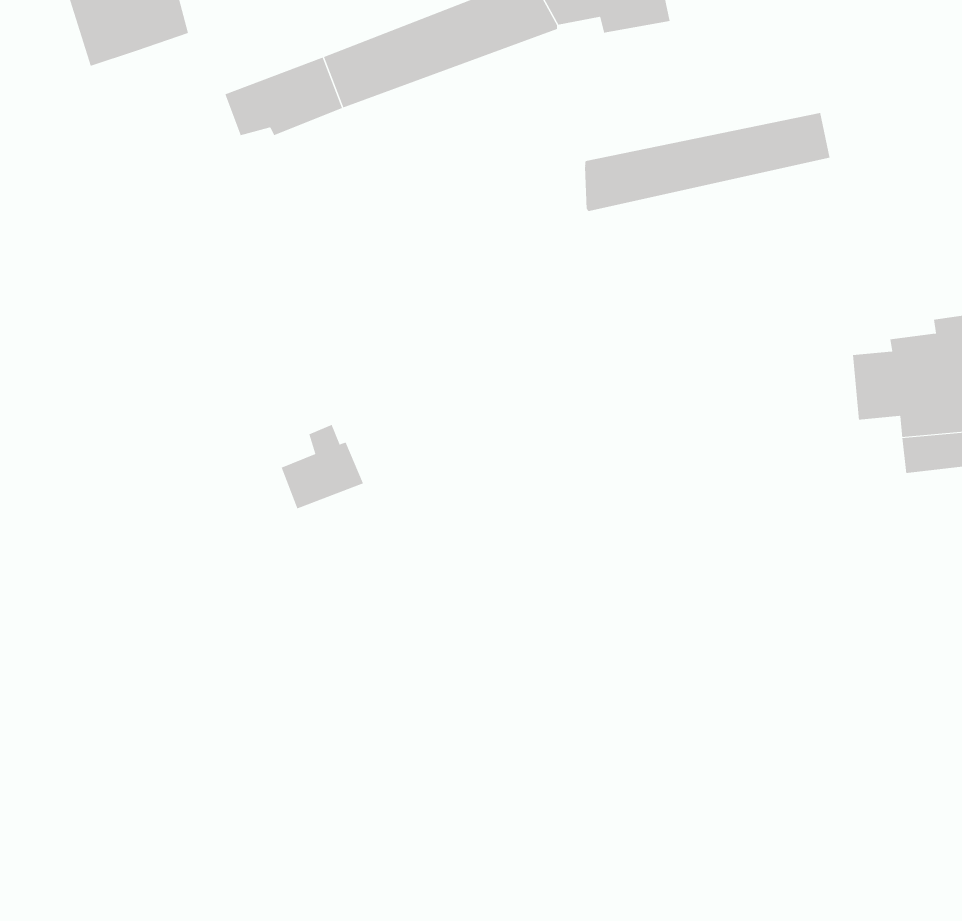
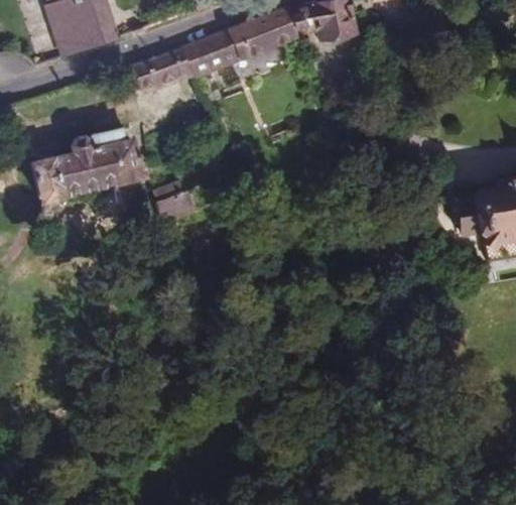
building: [585,112,830,212] -> none
building: none -> [30,129,141,199]
building: [281,424,364,509] -> [151,177,194,221]

